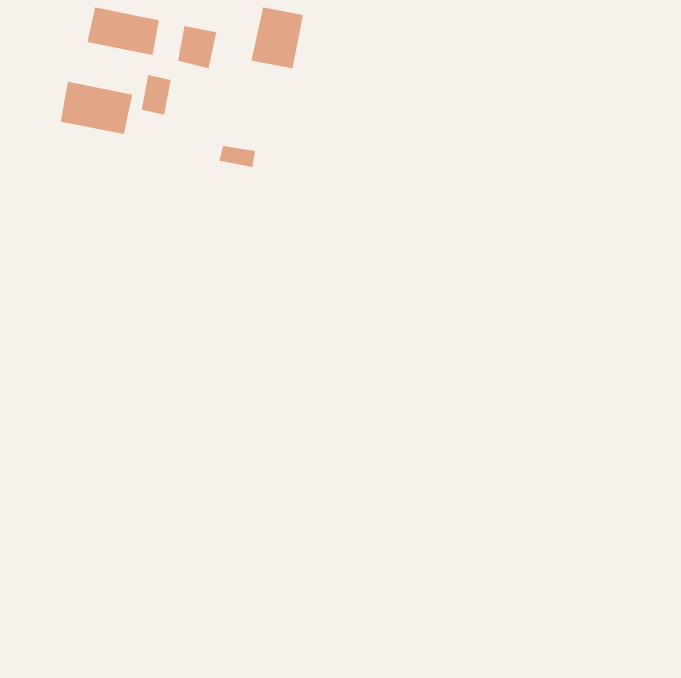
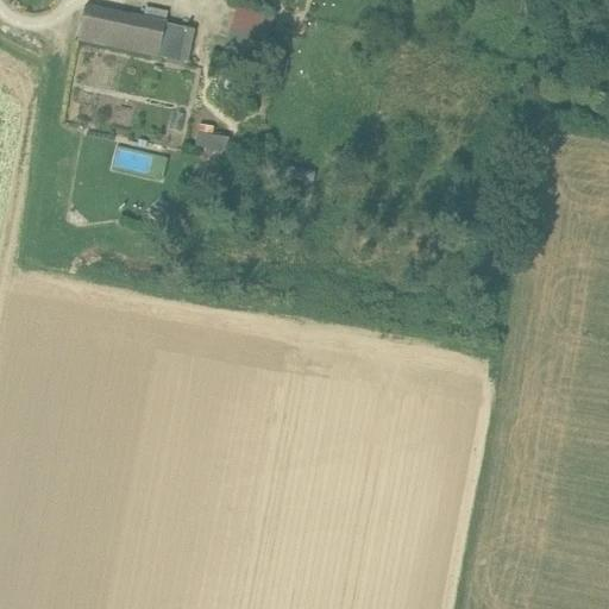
building: [141,74,172,115] -> [137,18,164,55]
building: [60,81,133,135] -> none

